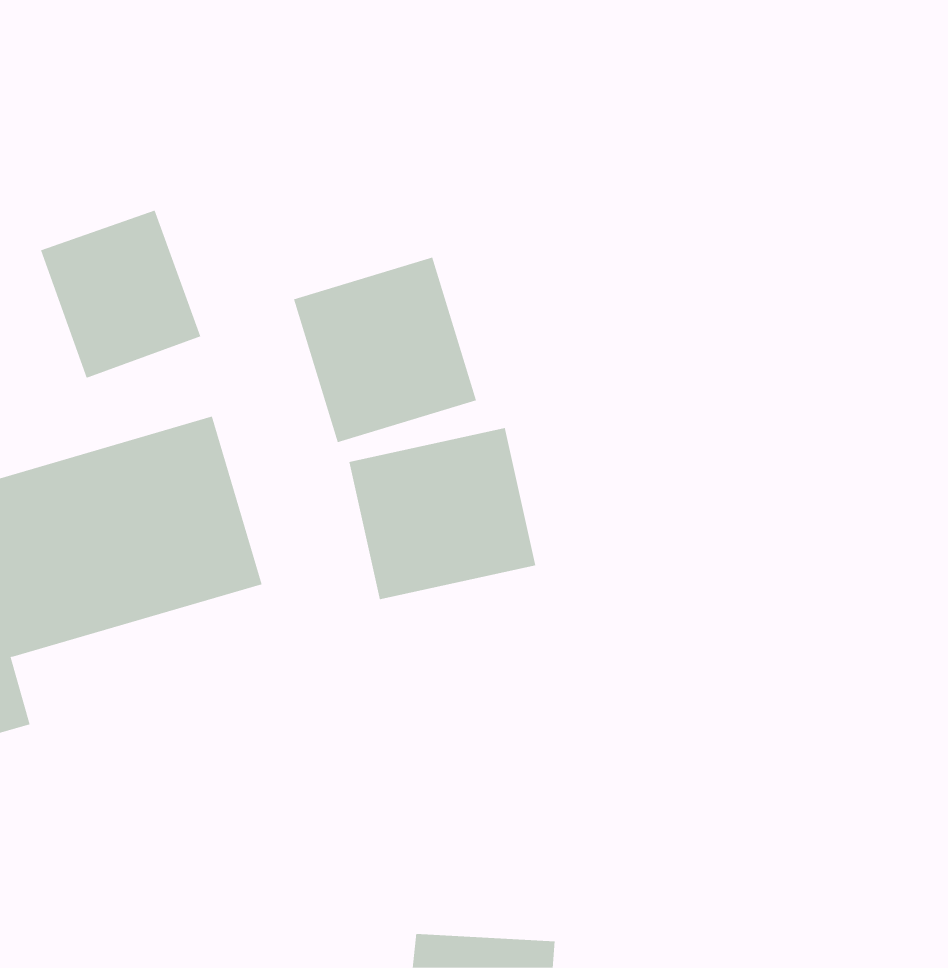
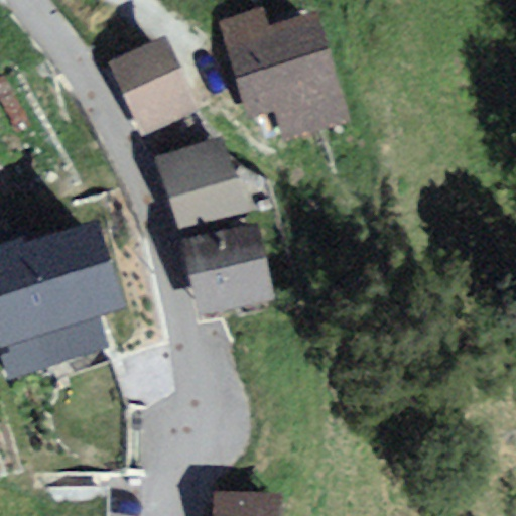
building: none -> [231,28,322,130]
building: [40,210,201,379] -> [108,39,192,128]

